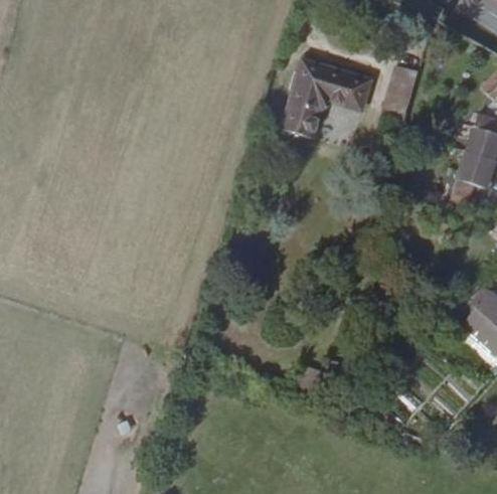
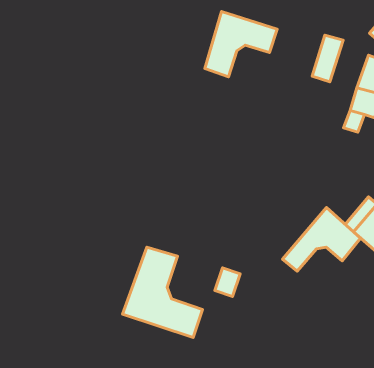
building: [382,64,420,121] -> [312,35,343,82]
building: none -> [283,207,360,271]
building: none -> [123,247,202,338]

